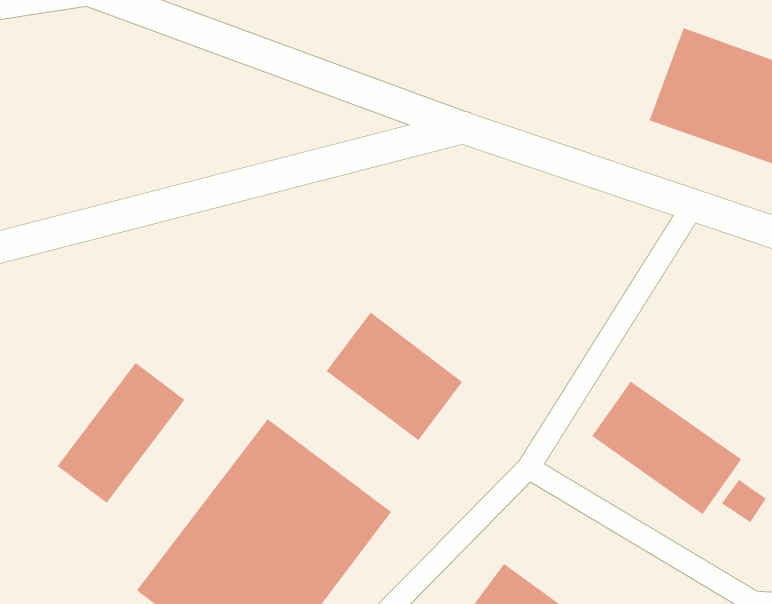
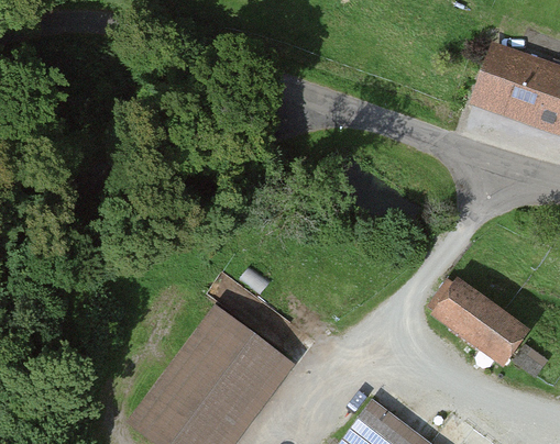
building: [326,312,463,441] -> none
building: [57,362,186,504] -> none

